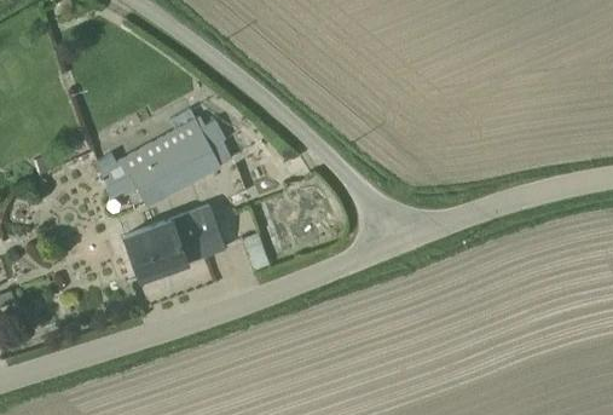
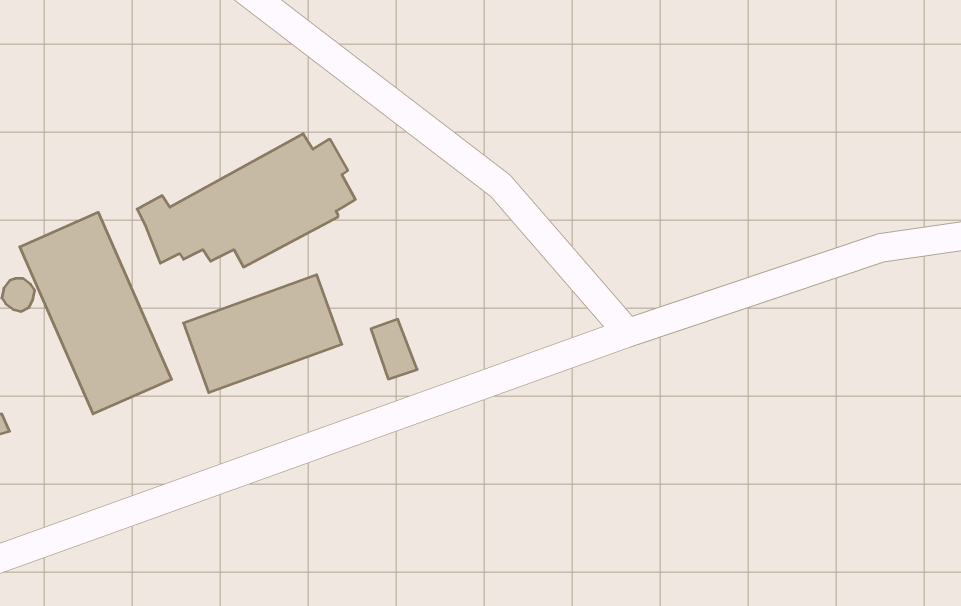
building: none -> [20,212,172,414]

